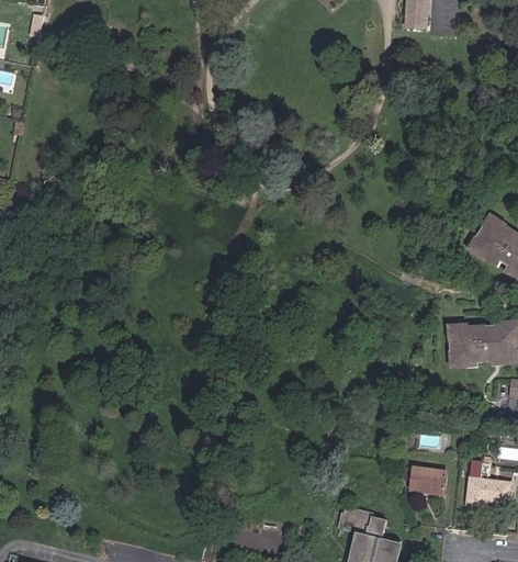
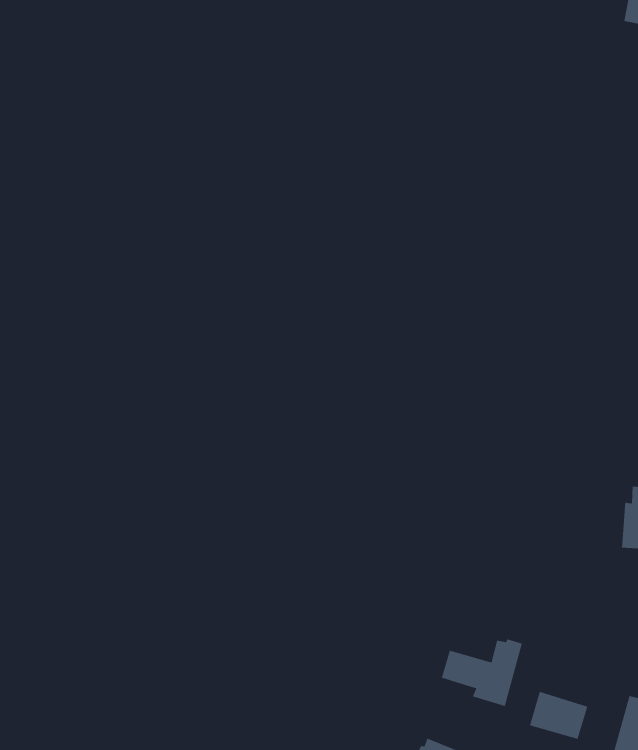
building: none -> [441,638,523,707]

